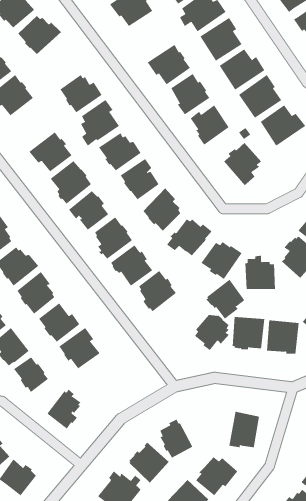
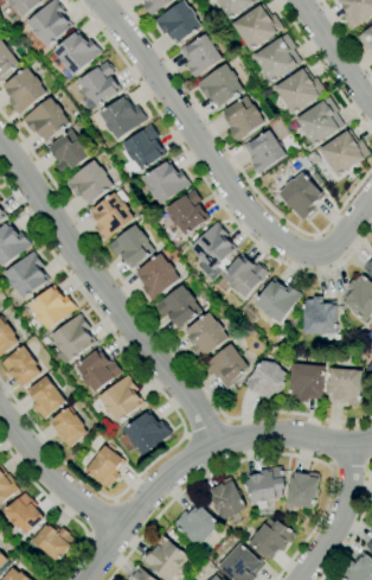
building: none -> [179,34,223,78]
building: none -> [78,60,122,107]
building: none -> [46,129,92,177]
building: [205,279,245,320] -> [205,344,249,389]
building: none -> [117,413,172,455]
building: none -> [246,466,286,509]

